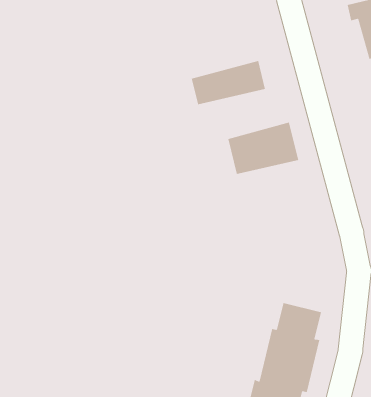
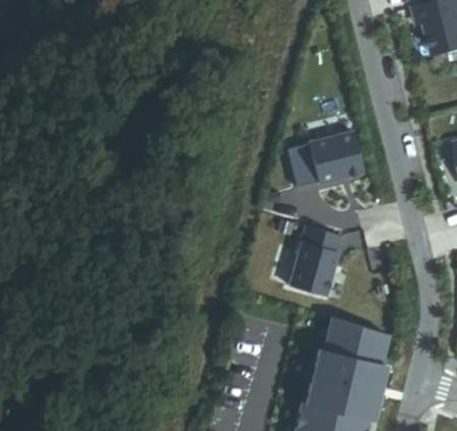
building: [191,60,266,105] -> none
building: none -> [288,226,340,296]

